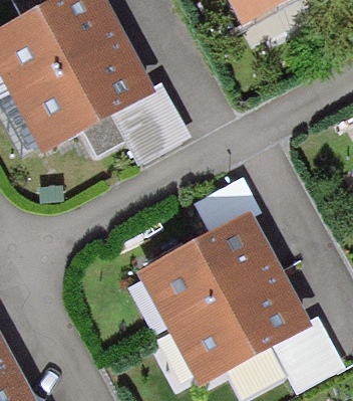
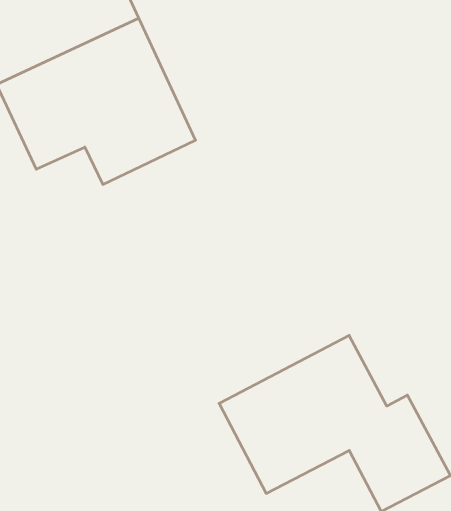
building: [147,172,272,316] -> none

